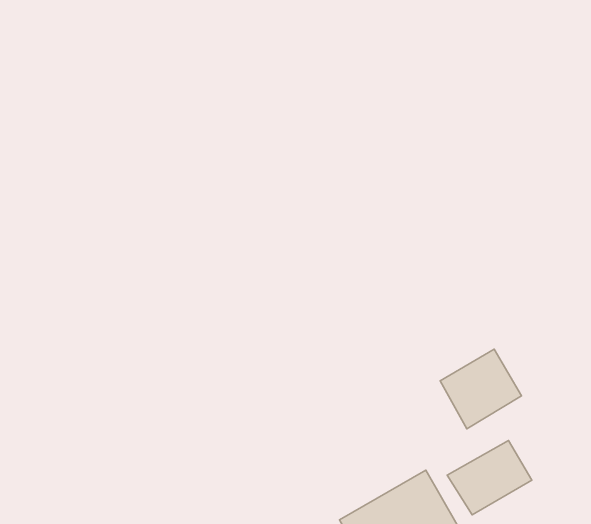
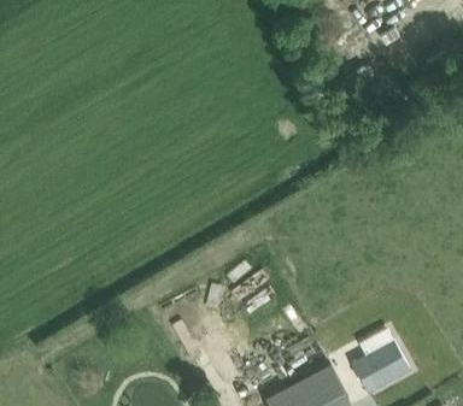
building: [440,349,521,429] -> none

